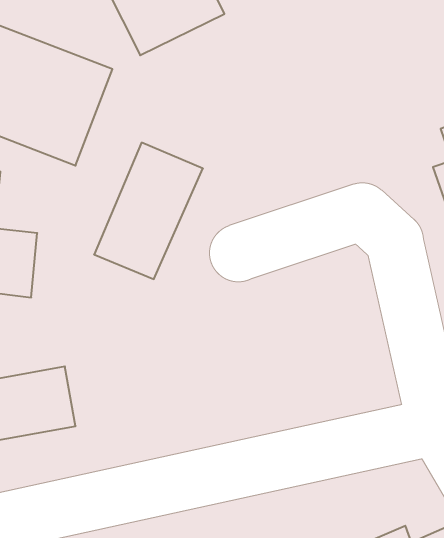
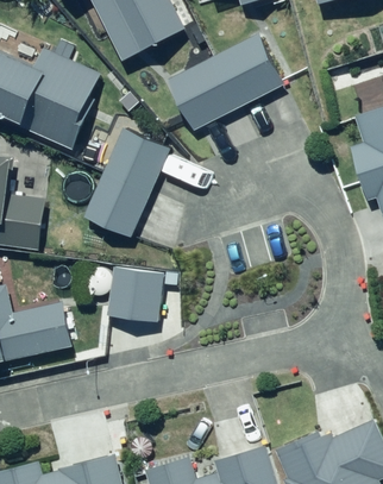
building: none -> [169,36,285,130]
building: none -> [109,266,162,323]

